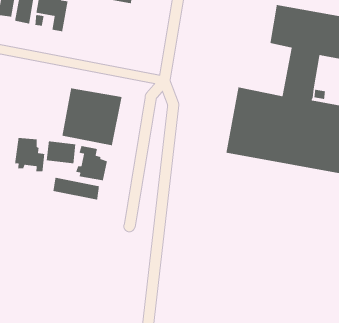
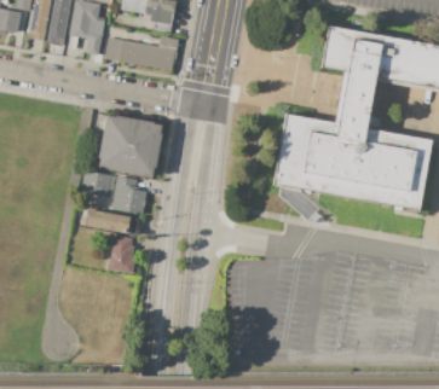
building: none -> [105,35,179,71]
building: [14,137,45,172] -> none
building: none -> [109,234,135,273]

